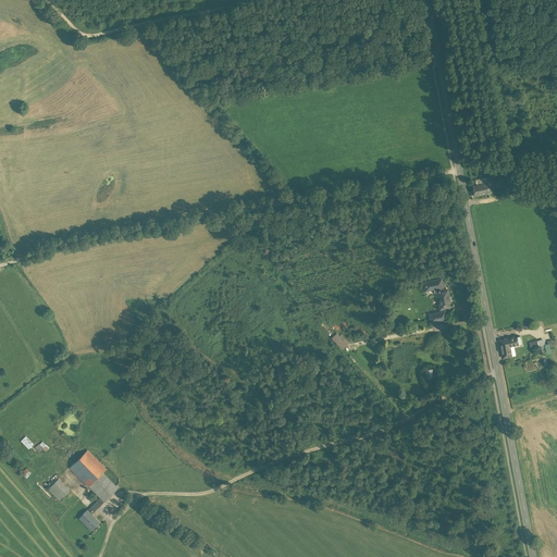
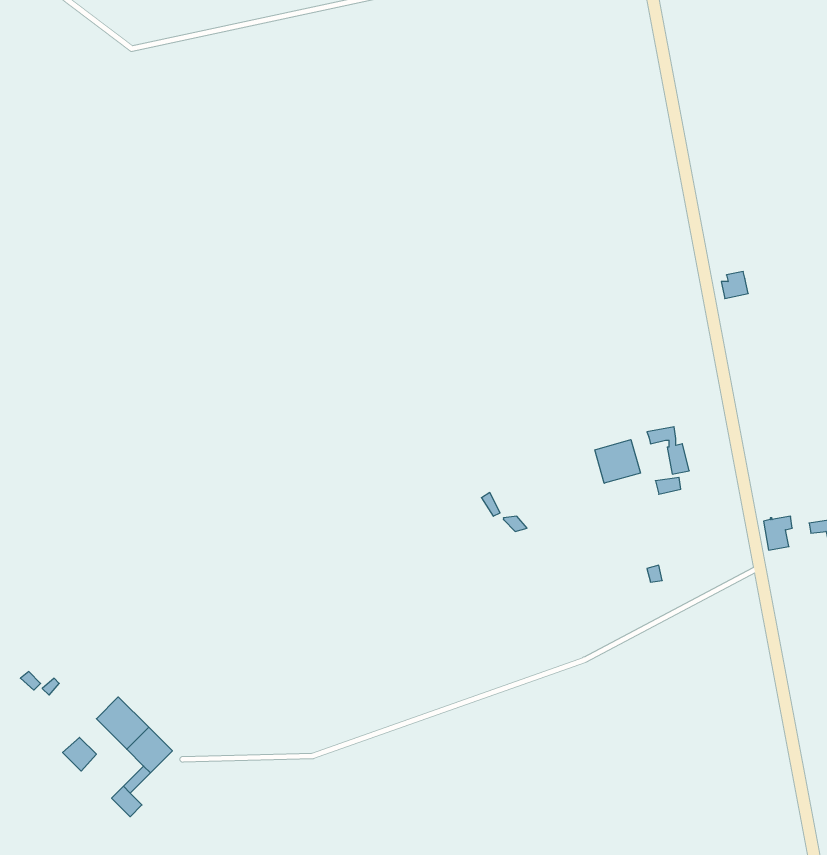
building: none -> [595,440,640,483]

